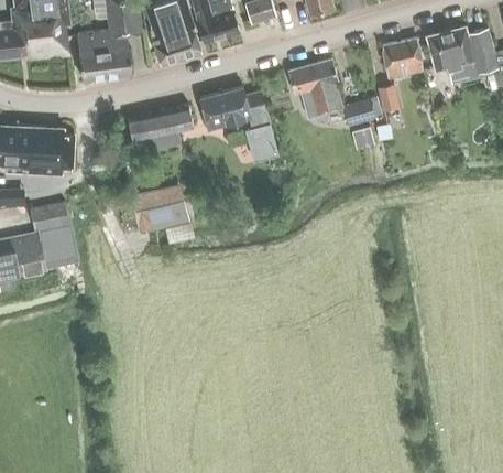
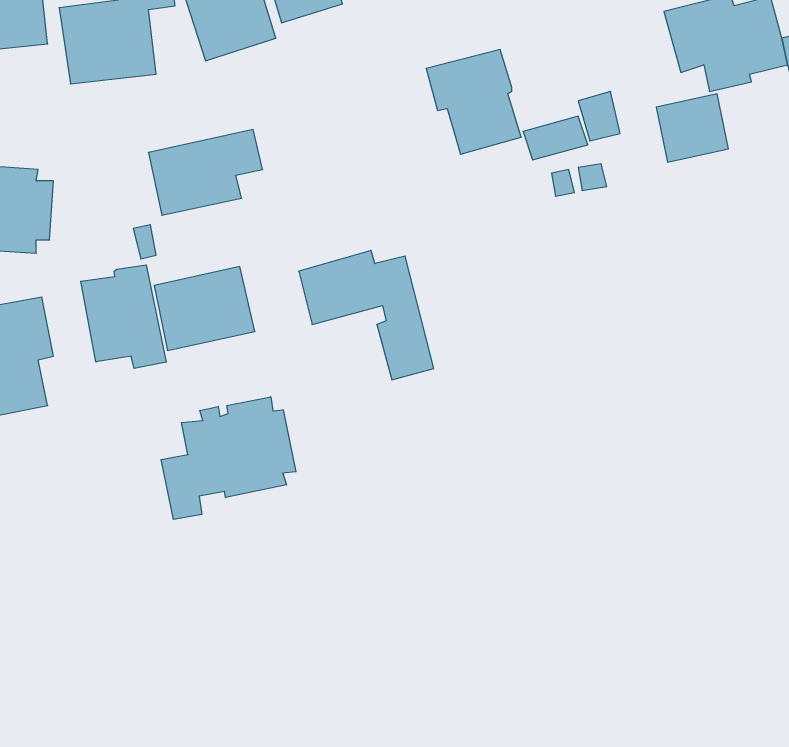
building: [381,39,423,78] -> [656,94,728,162]
building: [199,86,277,161] -> [299,250,434,380]
building: none -> [81,265,166,368]
building: none -> [161,397,296,519]

